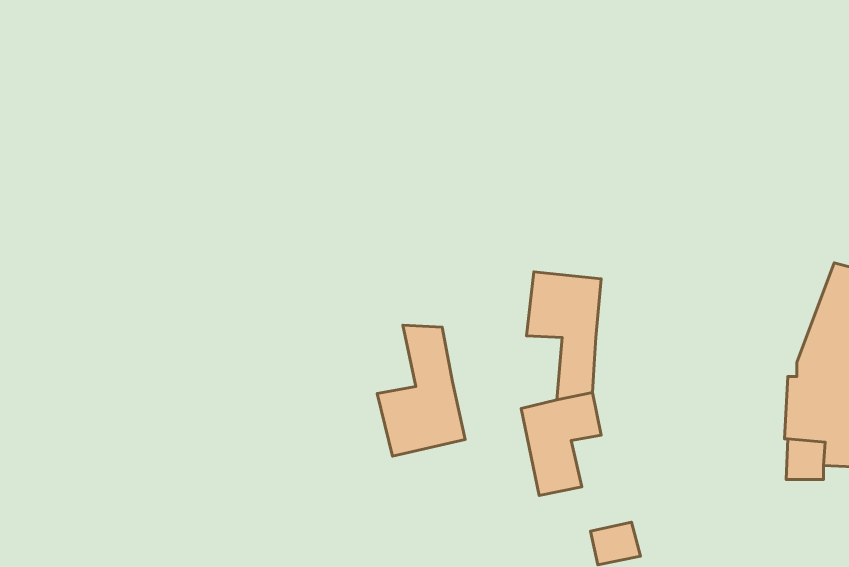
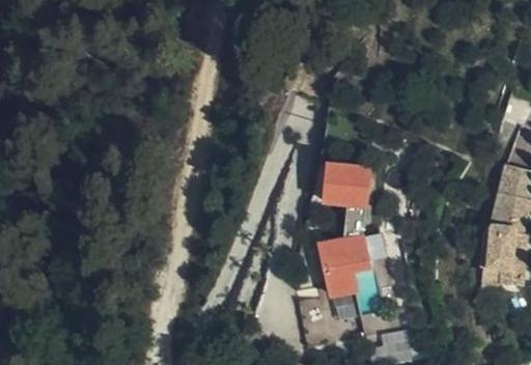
building: [377,325,465,456] -> none

